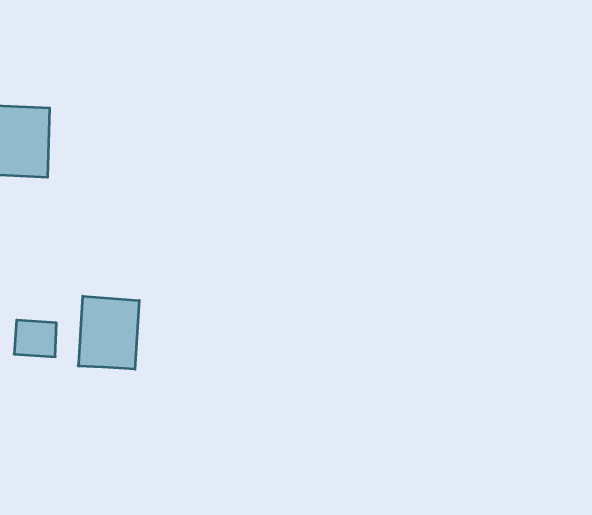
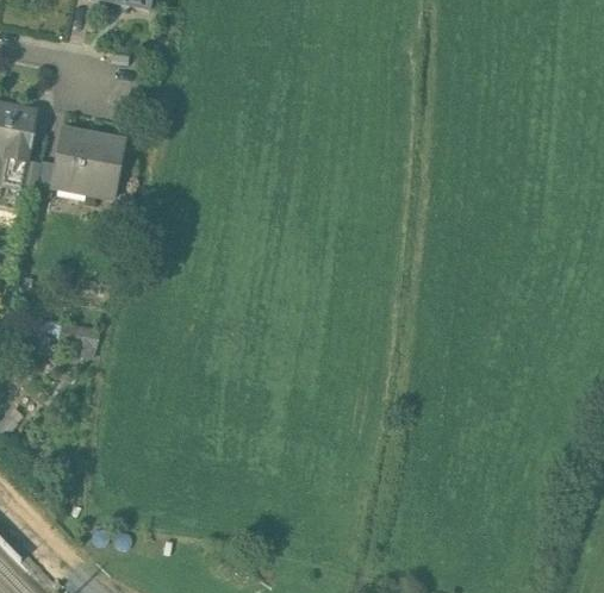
building: [78,296,139,369] -> none

